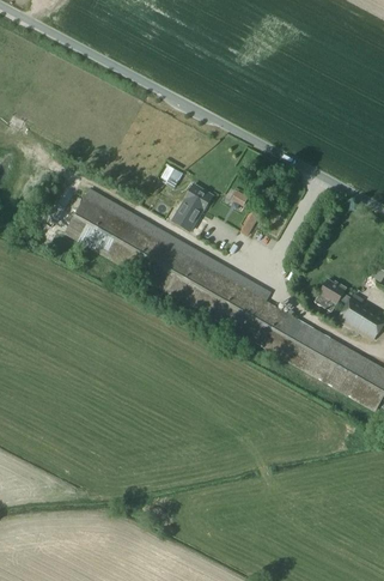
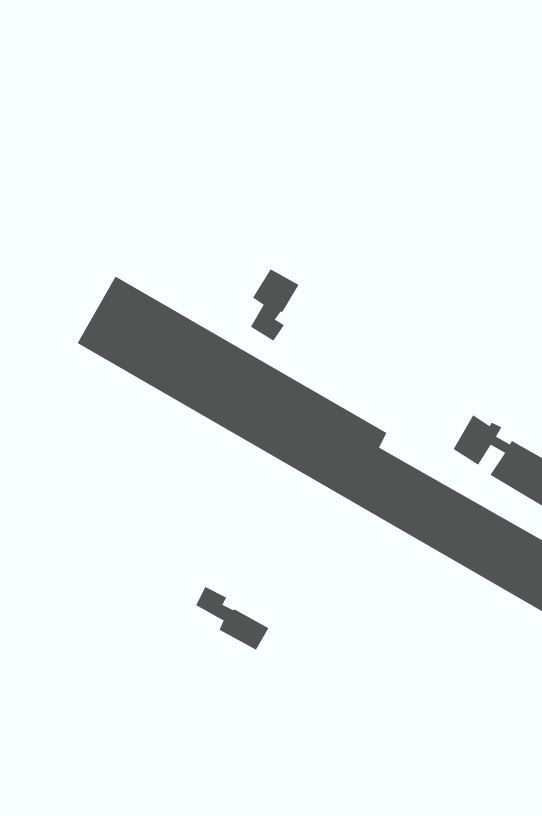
building: none -> [196,586,269,650]

